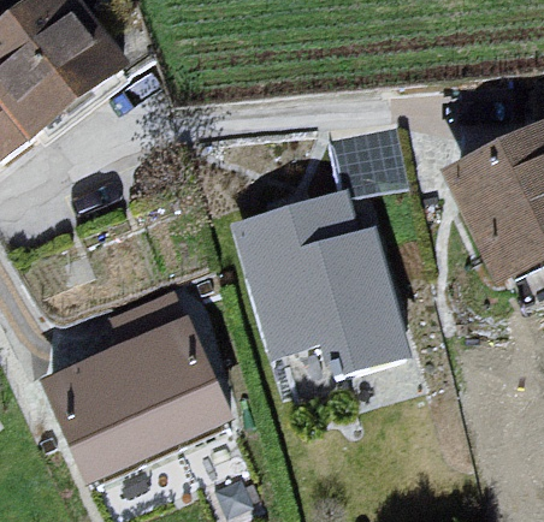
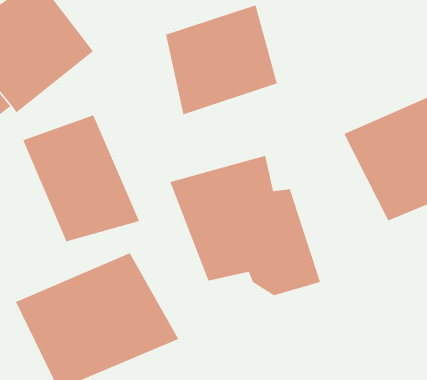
building: none -> [165,5,278,115]
building: none -> [23,114,140,242]

